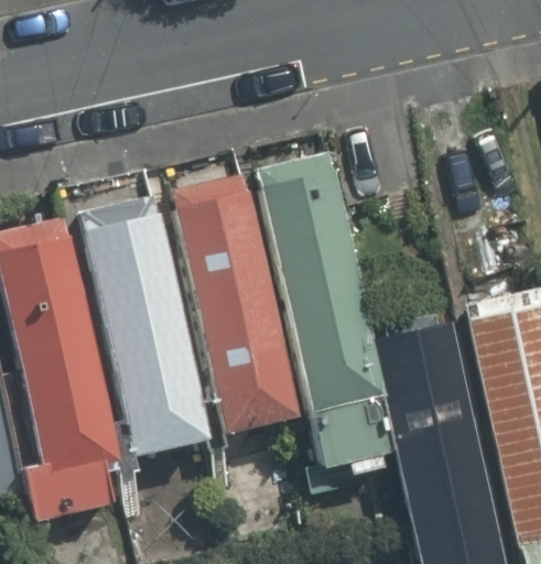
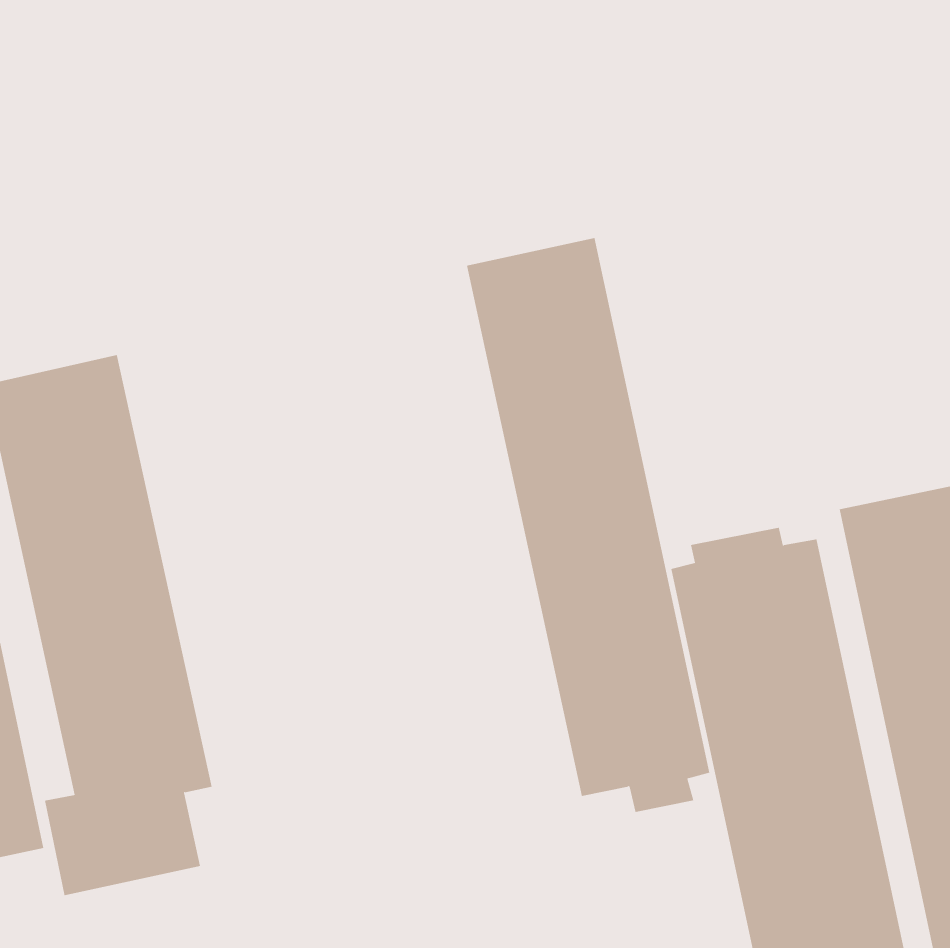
building: [172,174,297,433] -> none
building: [85,196,208,454] -> none

